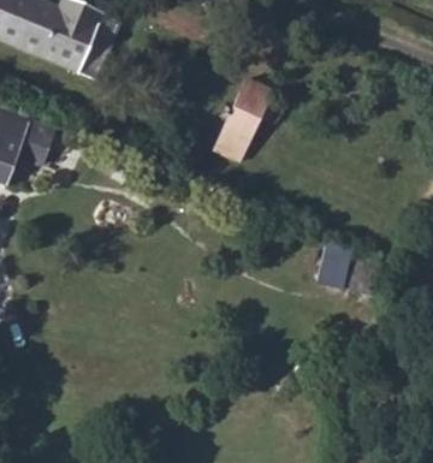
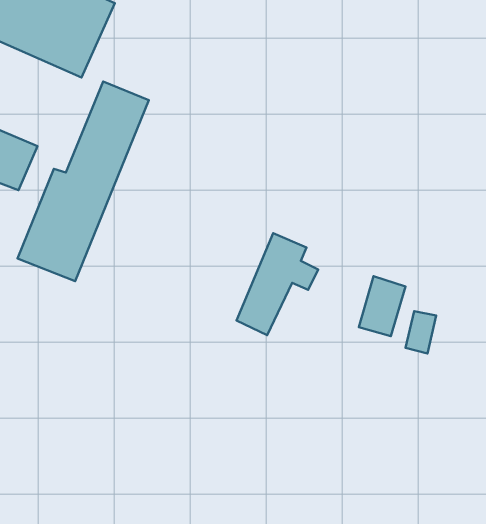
building: [213,76,280,160] -> [237,233,318,335]
building: none -> [18,81,149,281]

